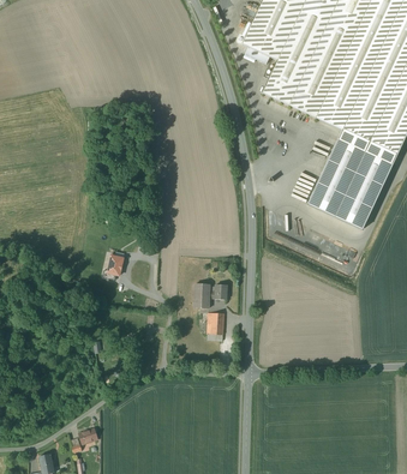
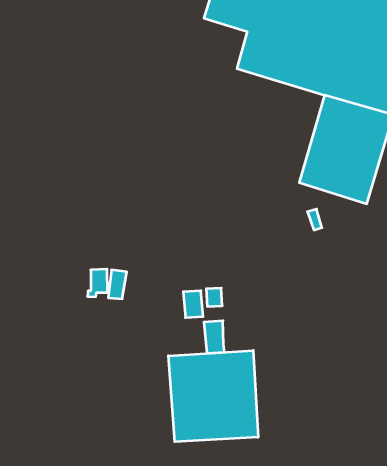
building: none -> [168,350,258,442]

